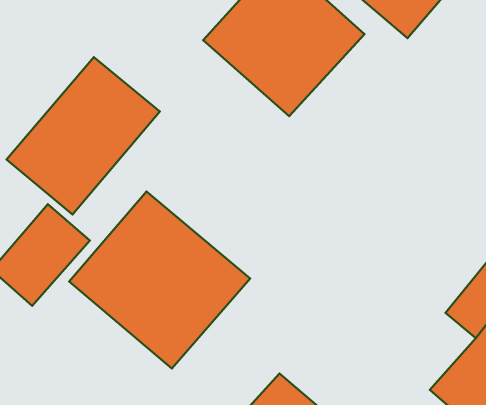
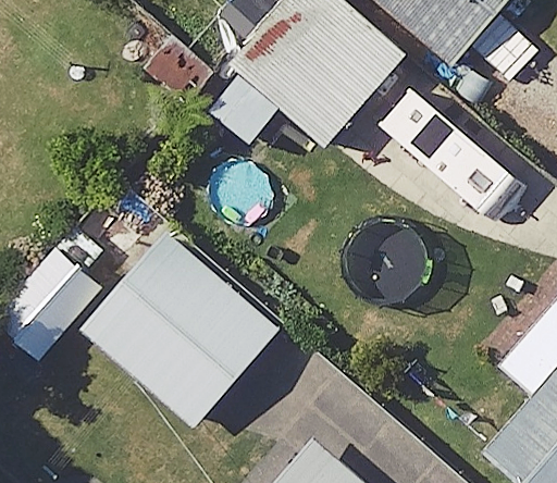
building: [7,57,160,214] -> none

